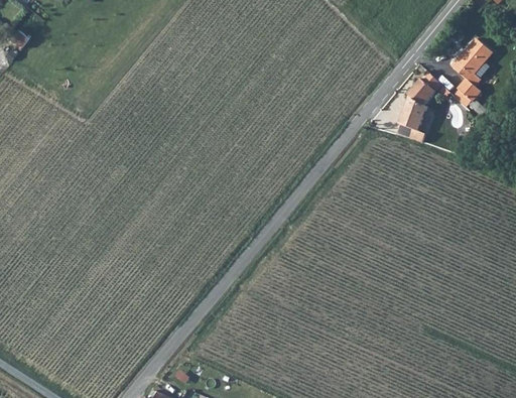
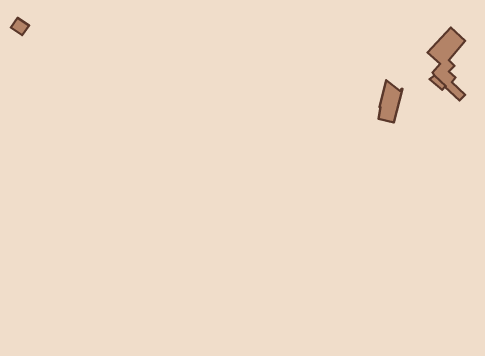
building: [406,69,442,105] -> none

